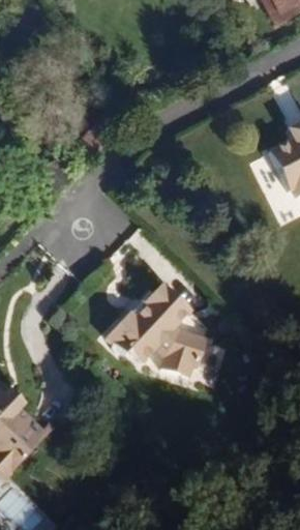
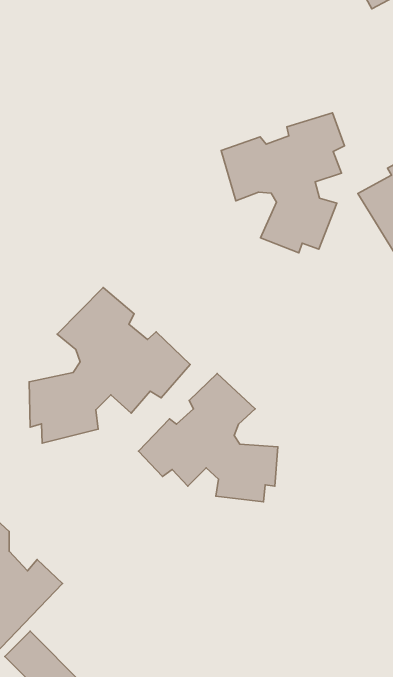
building: none -> [221,113,345,253]
building: none -> [29,287,190,443]

